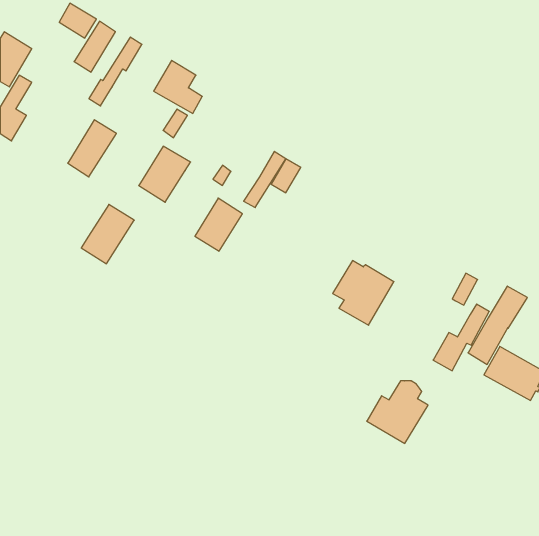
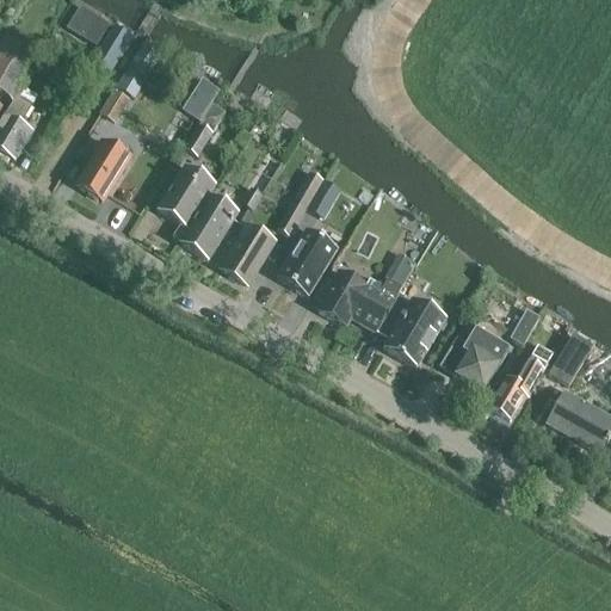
building: none -> [278,228,339,296]
building: [81,204,134,264] -> [180,192,240,259]
building: none -> [321,253,416,331]
building: [367,381,428,443] -> [442,321,511,391]

